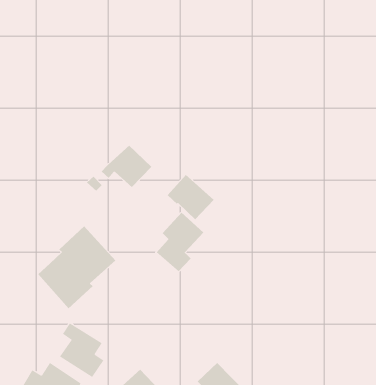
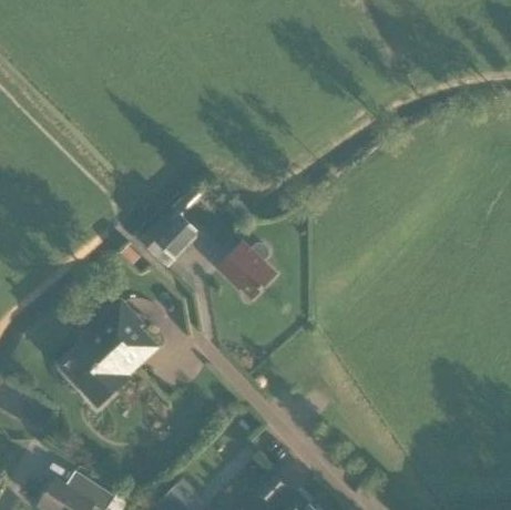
building: [156,212,204,272] -> none
building: [59,323,104,378] -> none

